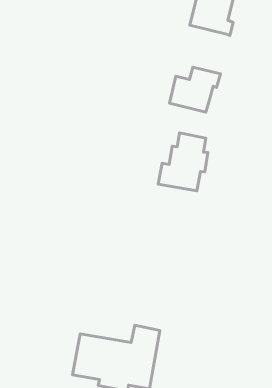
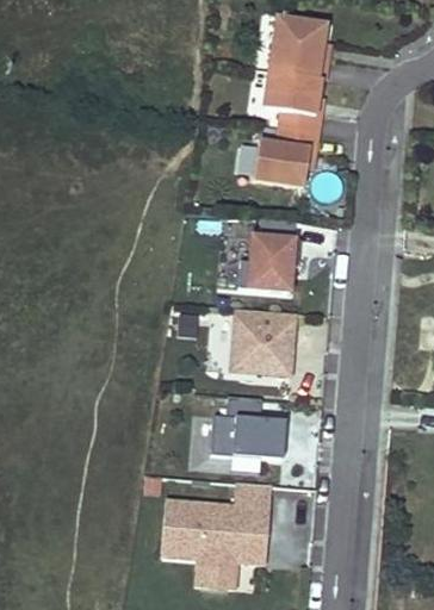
building: none -> [262,71,318,132]
building: none -> [230,309,296,376]
building: none -> [215,396,291,461]

